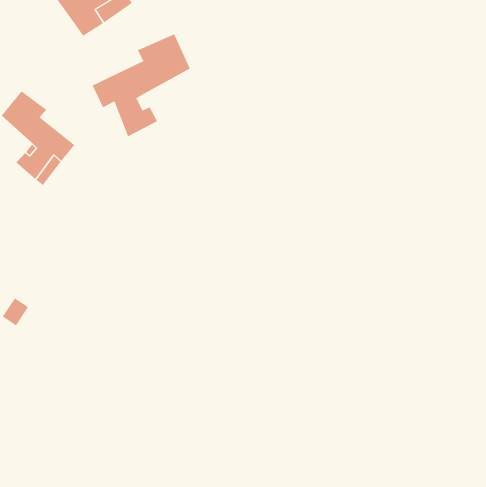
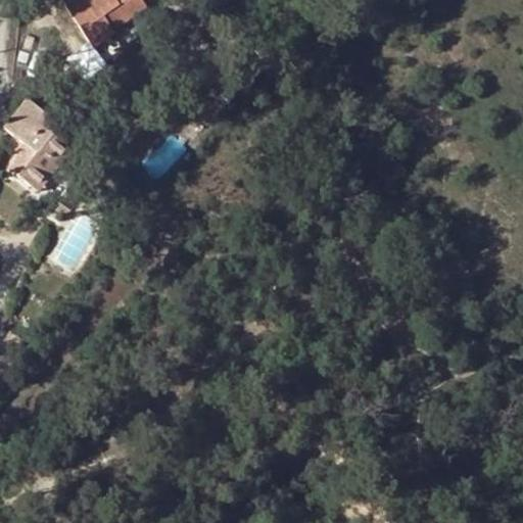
building: [92,33,191,137] -> none

